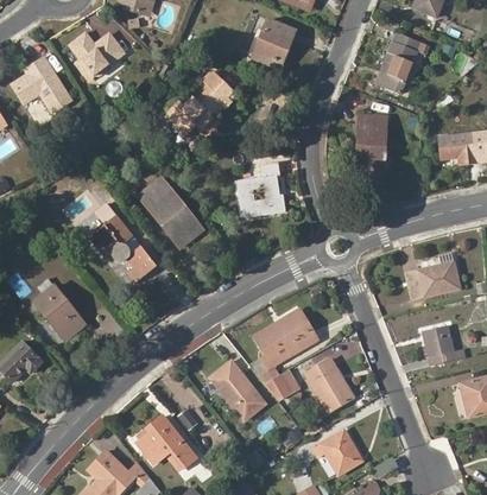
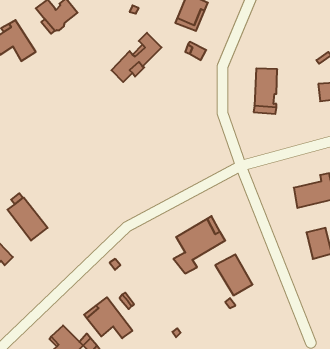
building: [374,34,430,96] -> none
building: [239,165,284,216] -> none
building: [140,178,201,246] -> none
building: [87,202,157,284] -> none
building: [210,362,266,421] -> none
building: [265,372,298,401] -> none
building: [314,432,361,475] -> none

